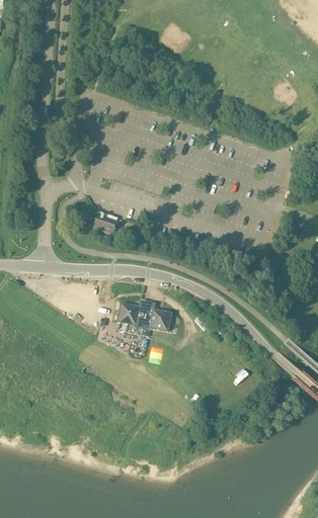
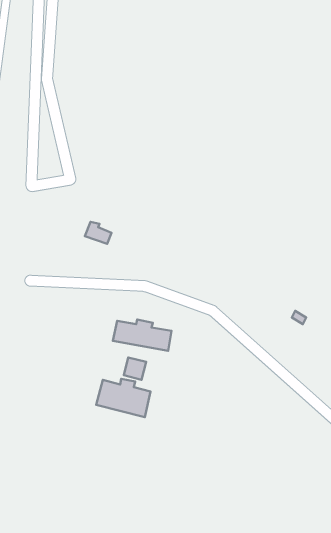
building: none -> [96,379,150,417]

